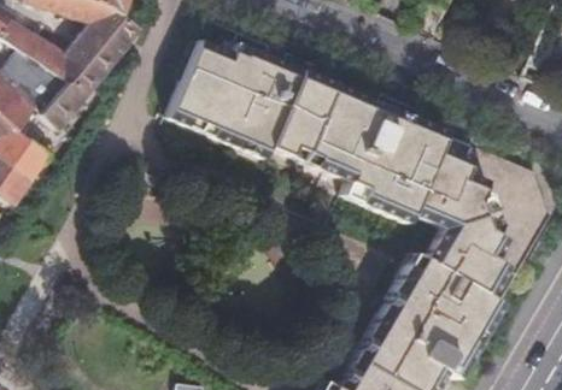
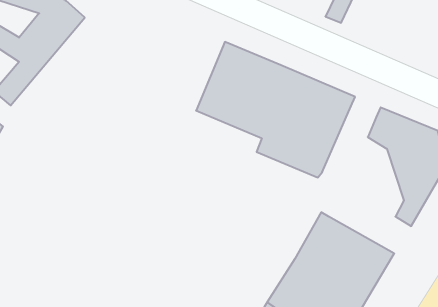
building: [158,31,297,152] -> none
building: [408,136,509,303] -> none

